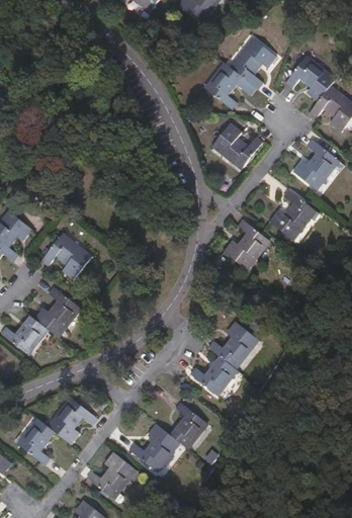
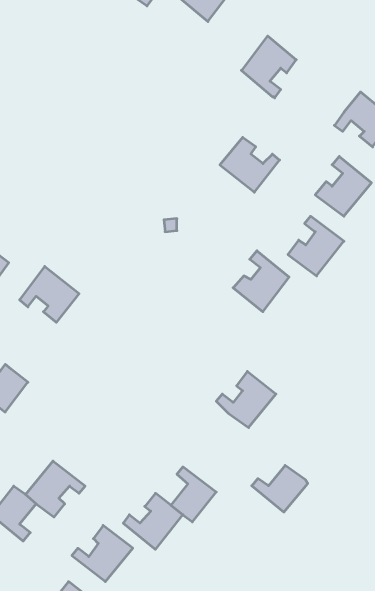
building: [285,55,336,101] -> none
building: [204,62,257,109] -> none
building: [34,286,82,338] -> none
building: [190,356,238,396] -> [252,465,308,512]

